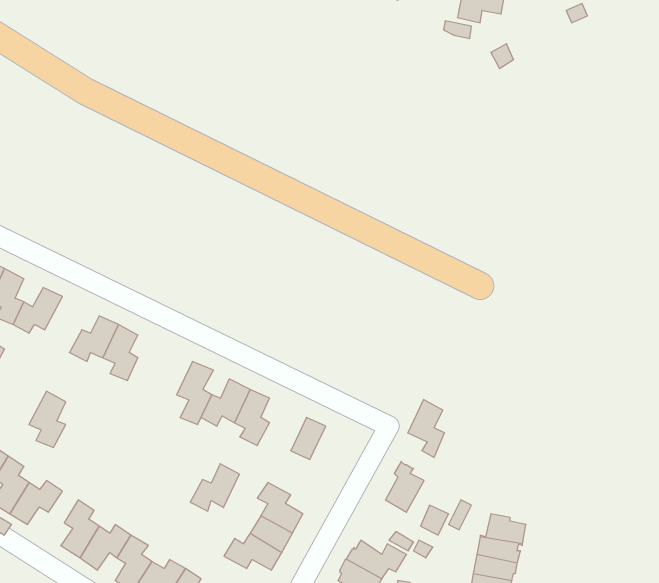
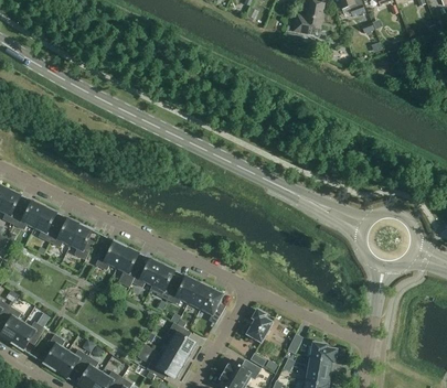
building: none -> [95,240,126,270]
building: [29,391,66,447] -> [33,206,56,241]
building: [408,400,445,458] -> [200,288,223,324]
building: [190,464,239,511] -> [167,276,198,305]

